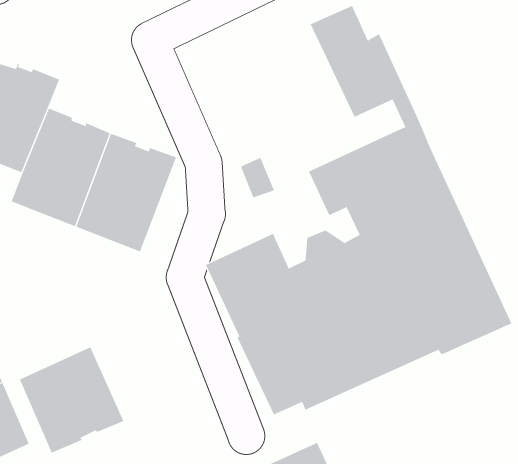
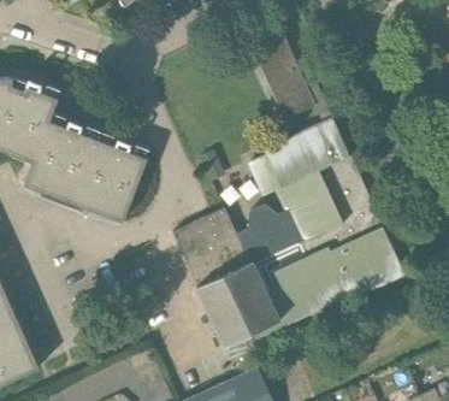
building: [19,347,124,454] -> none

